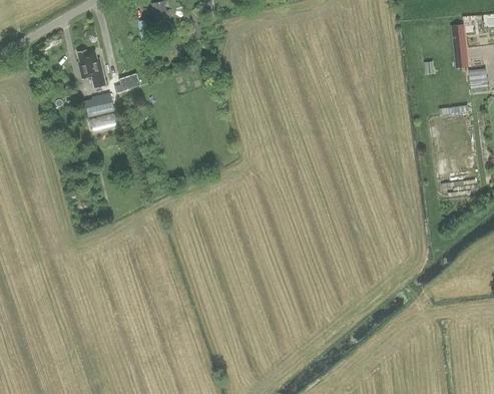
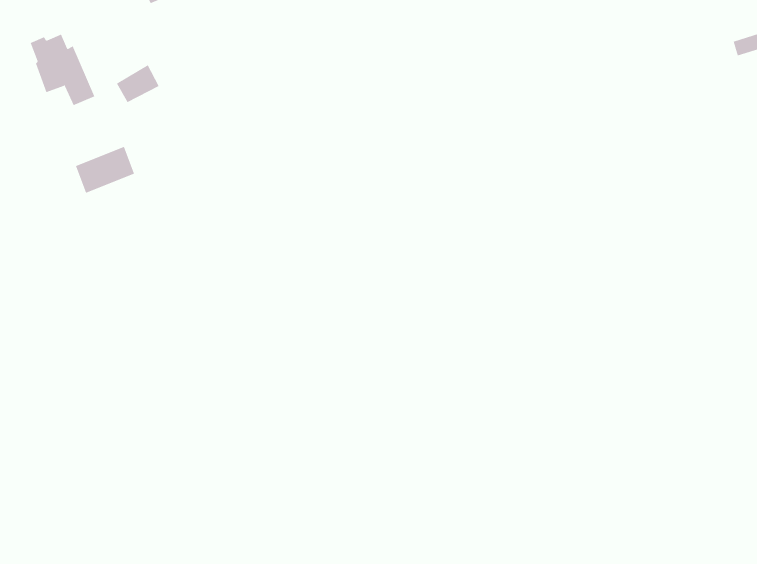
building: [85,92,113,115] -> none

